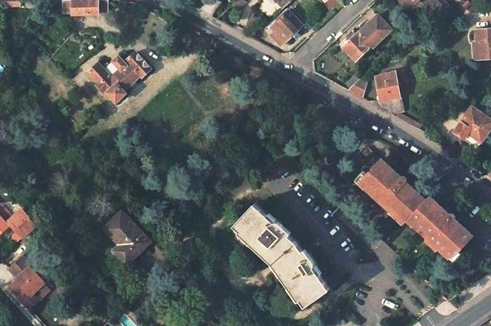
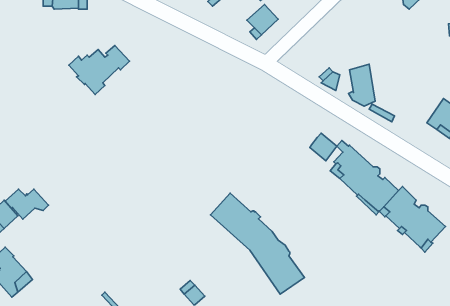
building: [342,15,391,62] -> none
building: none -> [310,133,337,161]
building: none -> [5,189,49,219]
building: [103,212,150,263] -> none

